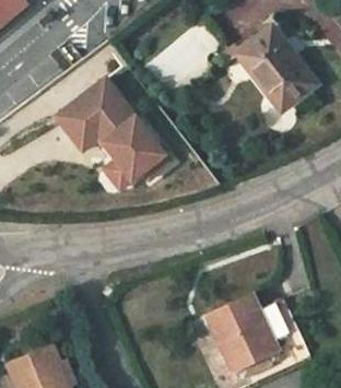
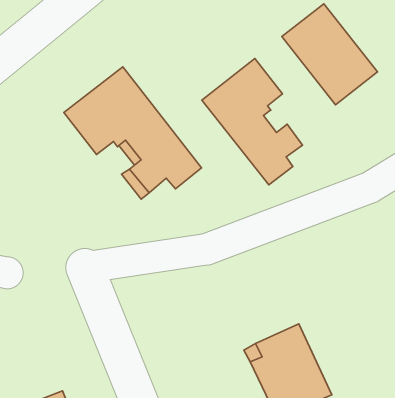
building: none -> [202,58,302,185]

